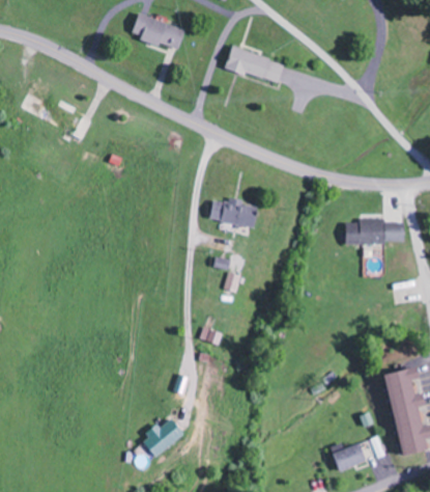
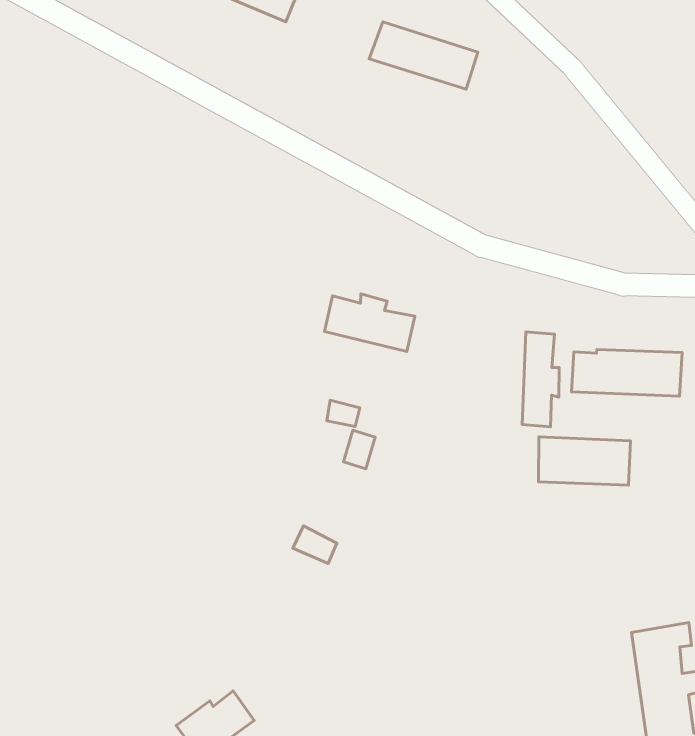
building: none -> [522,332,559,427]
building: none -> [539,437,630,485]

